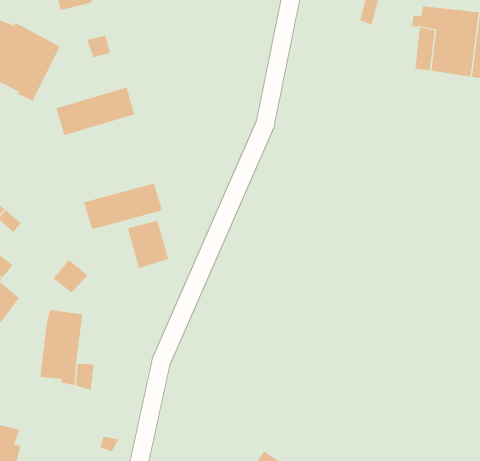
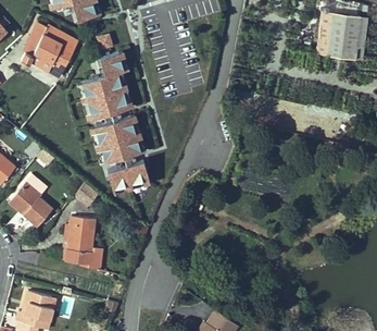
building: none -> [101,48,129,74]
building: none -> [81,87,135,120]
building: none -> [90,112,142,146]
building: none -> [108,163,131,195]

